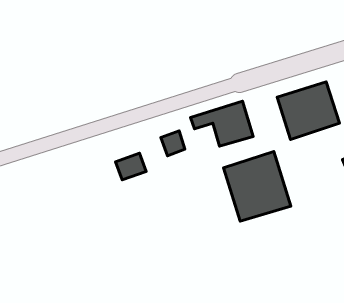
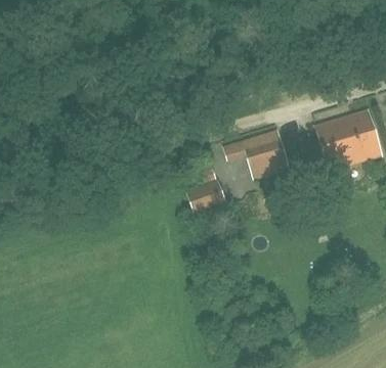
building: [224,152,291,221] -> none
building: [115,153,146,180] -> [191,184,224,213]

